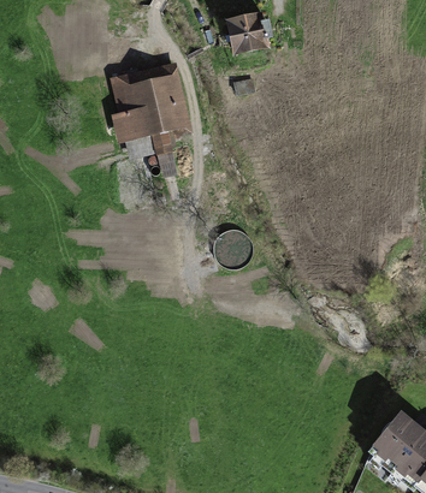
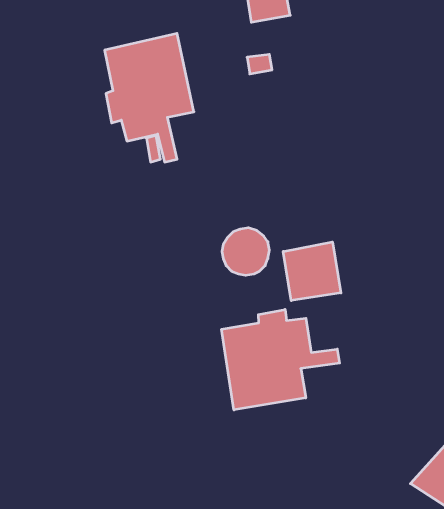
building: none -> [283,242,341,301]
building: none -> [222,309,340,410]

